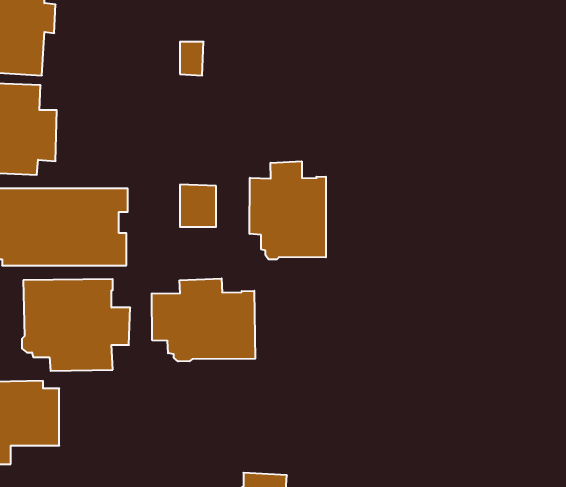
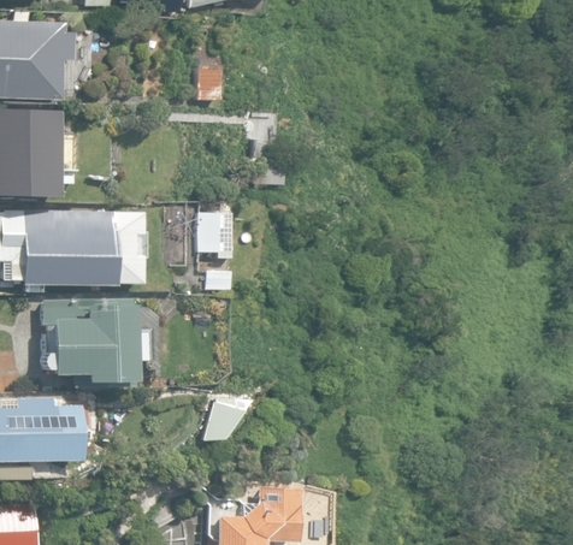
building: [250,161,326,259] -> none
building: [152,278,255,361] -> none

